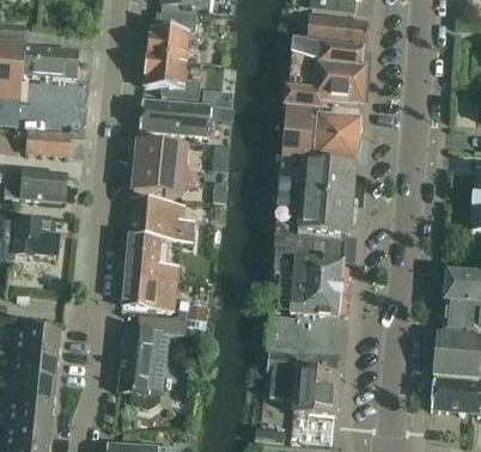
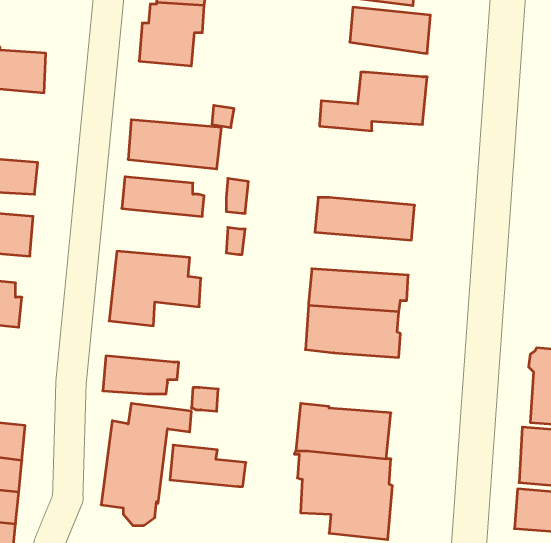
building: [290,38,363,67] -> none
building: [144,55,197,97] -> none
building: [282,104,359,164] -> none
building: [132,166,195,194] -> none
building: [274,184,353,216] -> none
building: [122,251,179,282] -> [170,445,246,486]
building: [291,275,343,316] -> none

